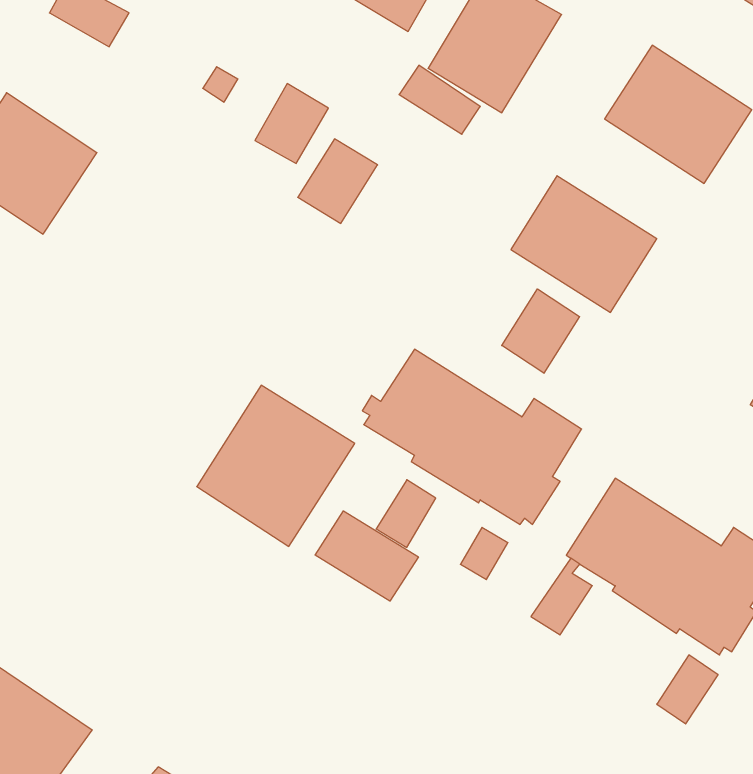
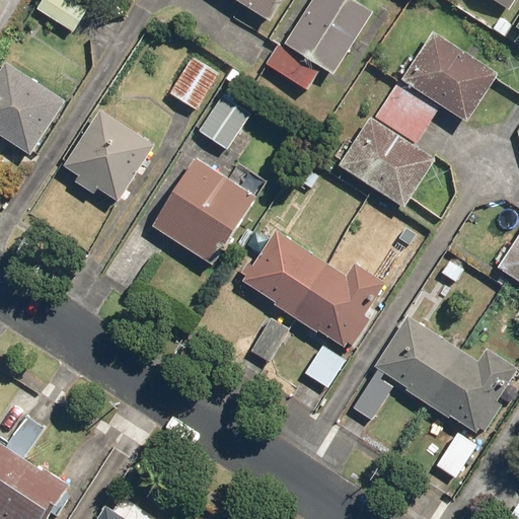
building: none -> [374,80,438,142]
building: none -> [63,110,154,202]
building: [502,289,580,373] -> none
building: [197,385,355,546] -> [151,159,255,266]
building: [315,511,418,601] -> none

